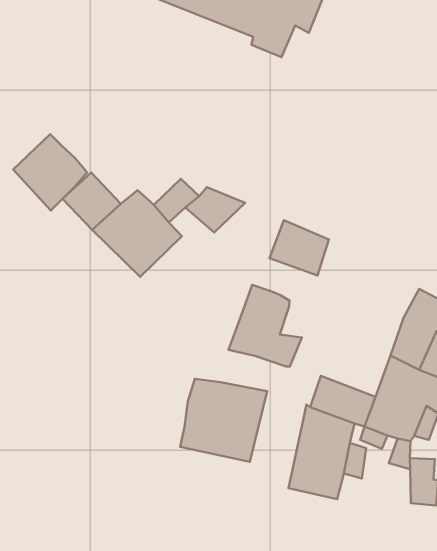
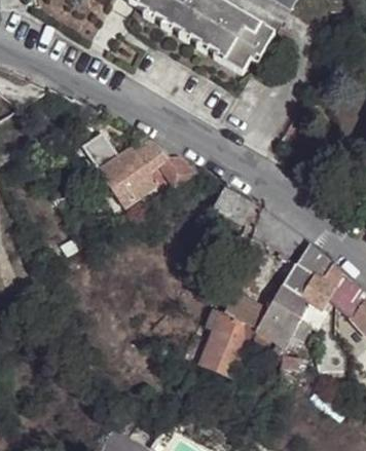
building: [13,134,87,211] -> none
building: [229,285,302,367] -> none
building: [180,379,267,462] -> none

